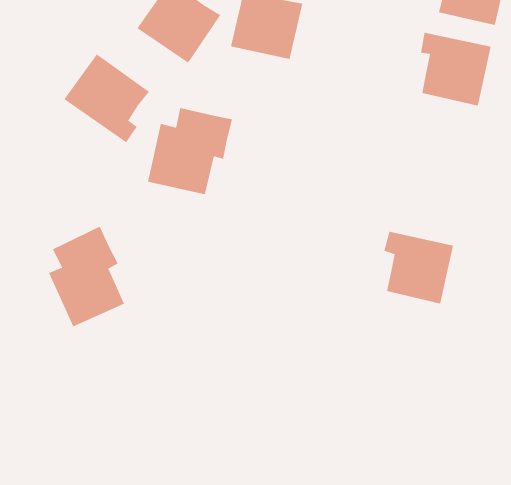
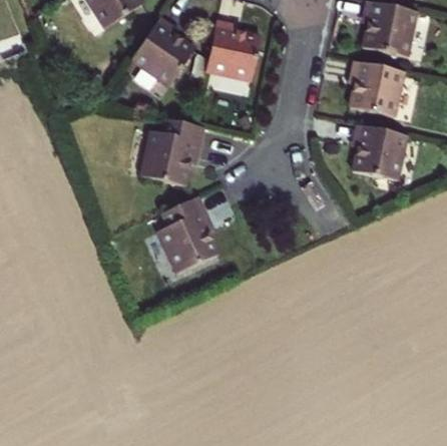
building: [64,54,150,143] -> none
building: [48,226,125,327] -> [157,194,216,273]
building: [384,231,454,304] -> [349,123,403,179]

